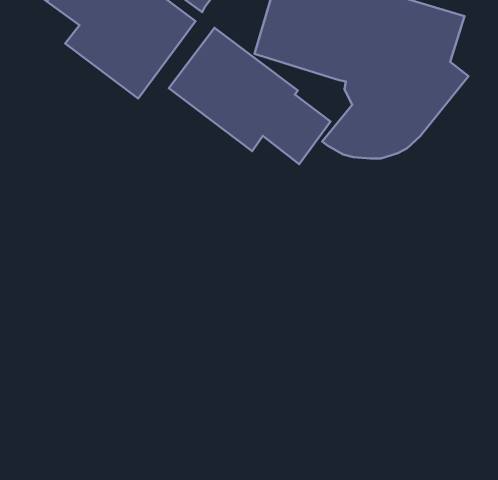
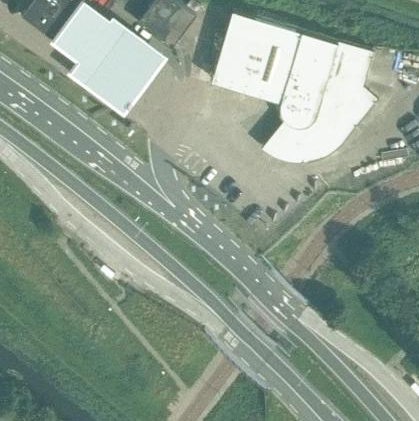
building: [169,28,331,164] -> none

